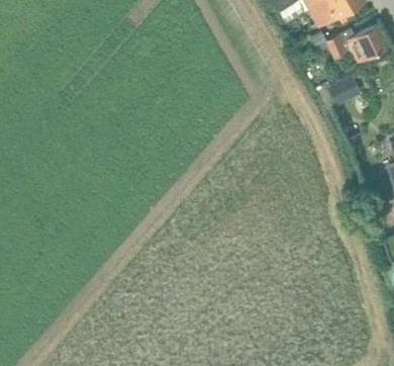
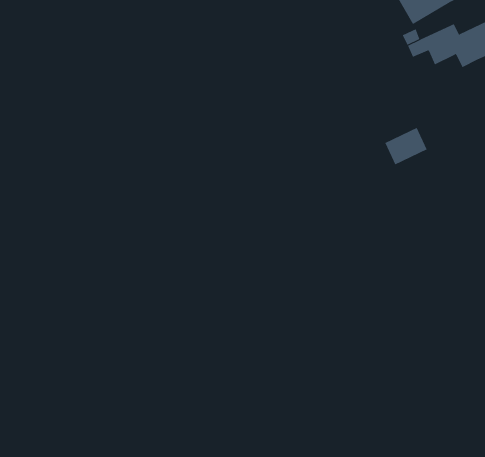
building: [329,76,363,105] -> [384,127,428,165]

